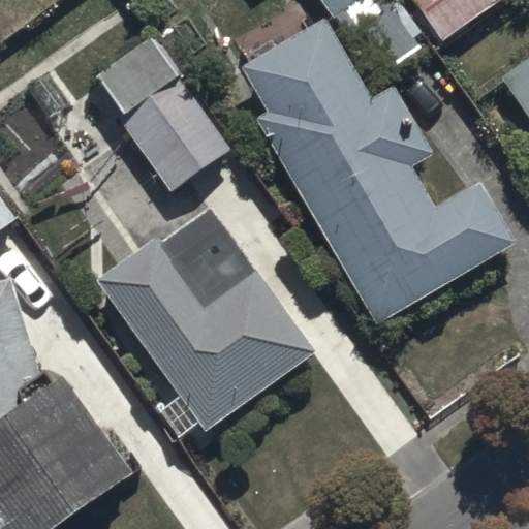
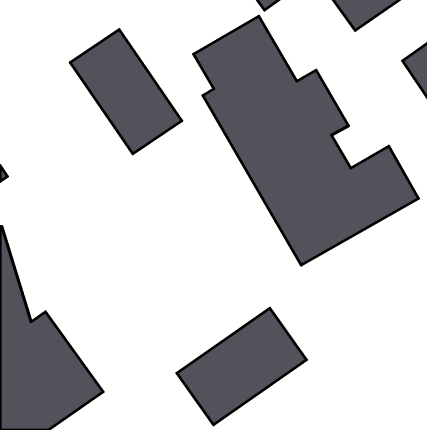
building: [100,240,315,428] -> none
building: none -> [177,308,307,425]

